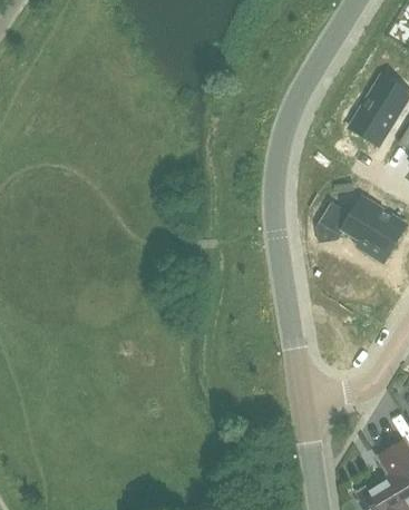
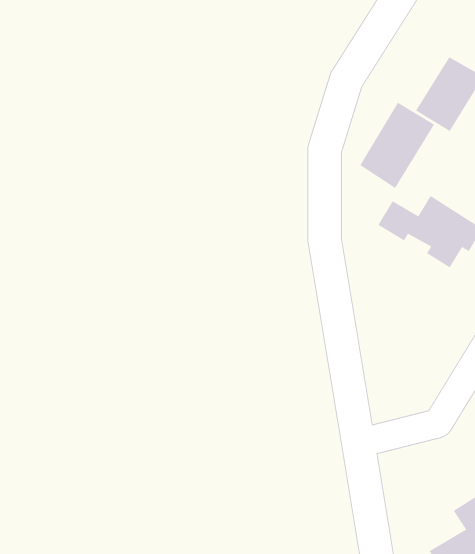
building: none -> [360,102,435,189]

